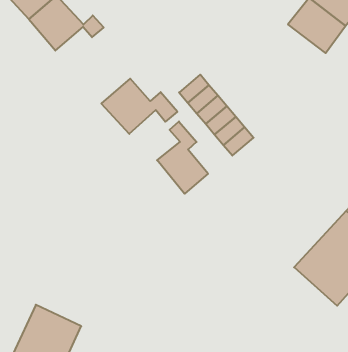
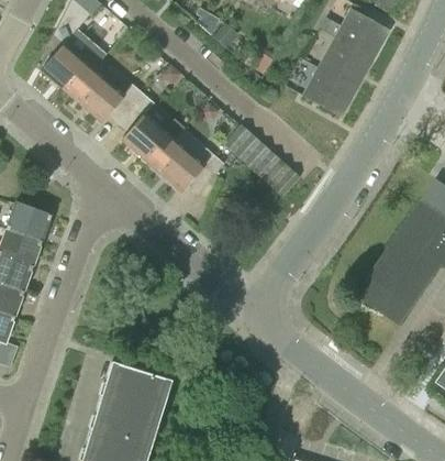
building: none -> [301,66,356,117]
building: none -> [120,94,174,166]
building: [157,121,208,194] -> none

